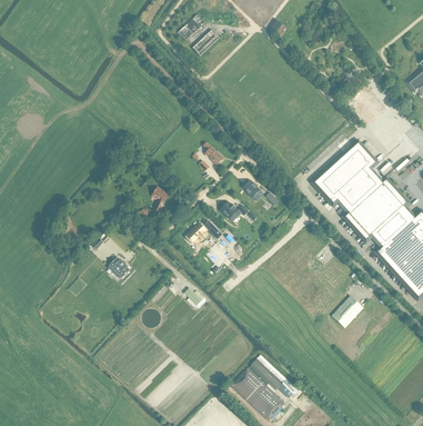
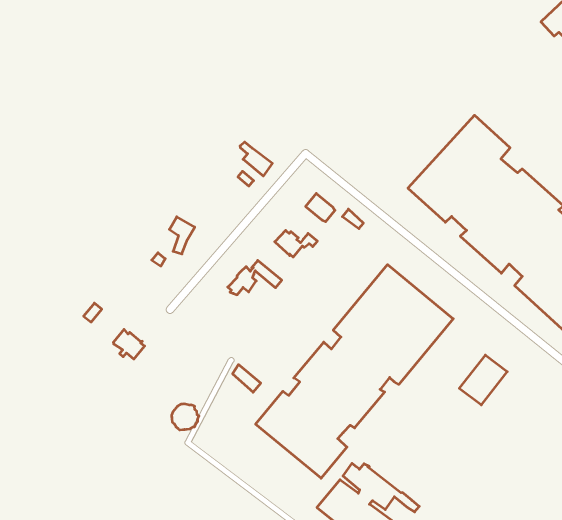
building: none -> [256,265,453,478]

